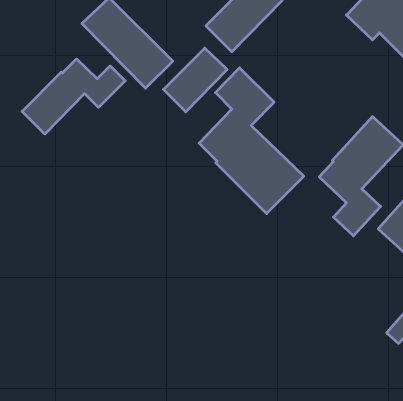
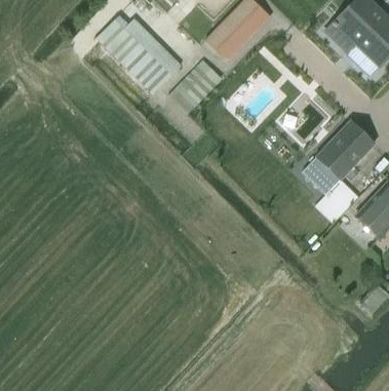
building: [22,59,125,134] -> none
building: [199,68,304,214] -> none

